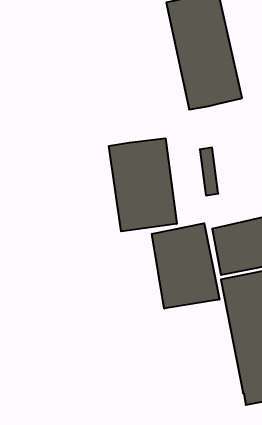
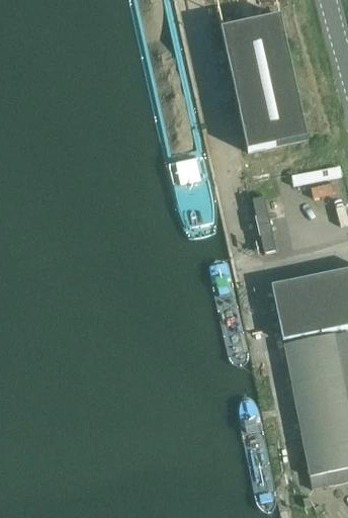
building: [109,138,177,231] -> none
building: [152,223,219,309] -> none

